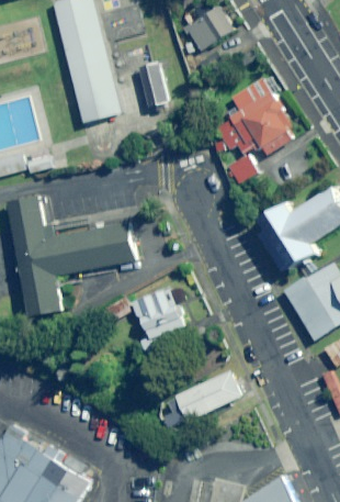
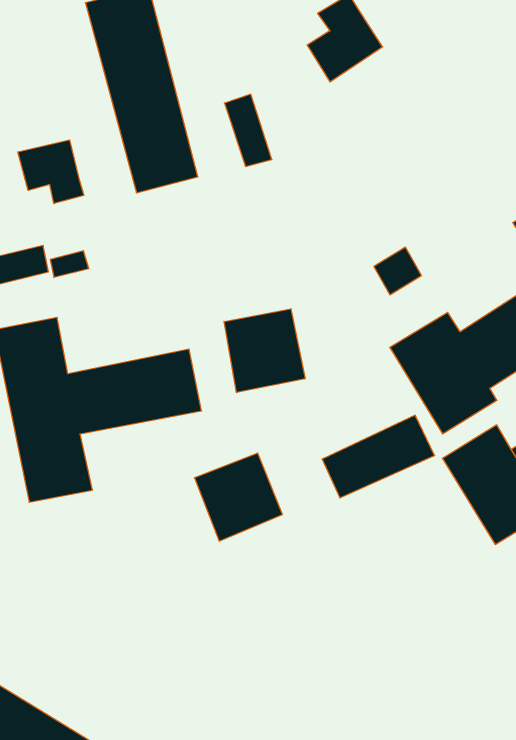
building: [222,80,305,157] -> none
building: none -> [18,140,84,204]
building: none -> [224,309,305,393]
building: [163,372,234,424] -> [322,415,435,498]

